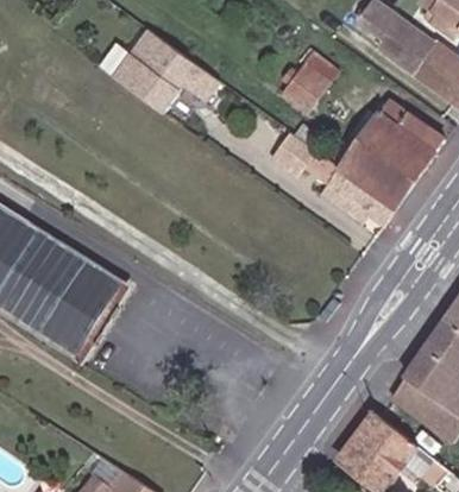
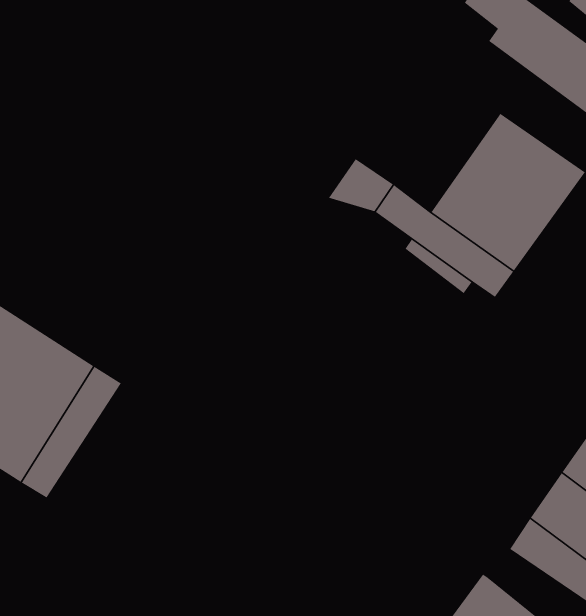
building: [108,27,215,111] -> none
building: [281,50,340,113] -> none

